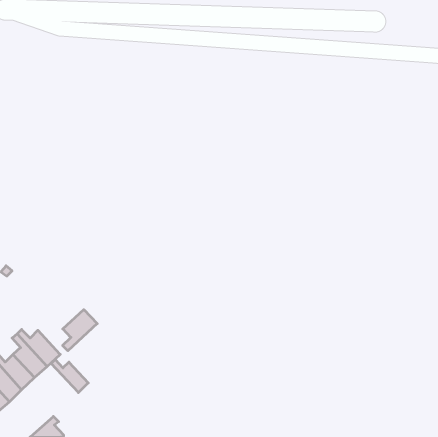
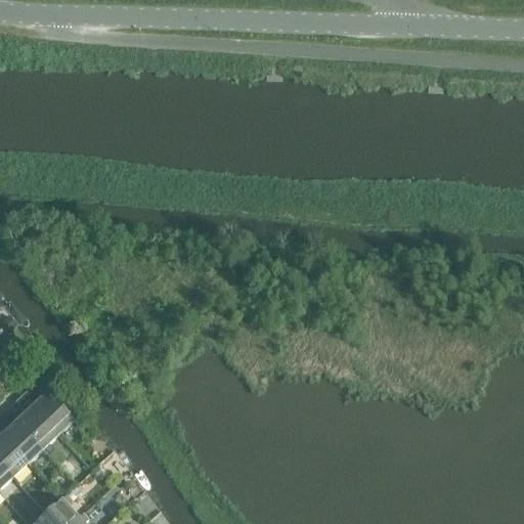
building: [63,310,97,351] -> none
building: [51,359,88,393] -> none

